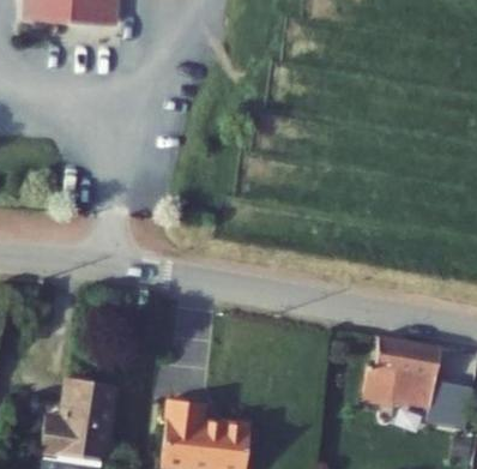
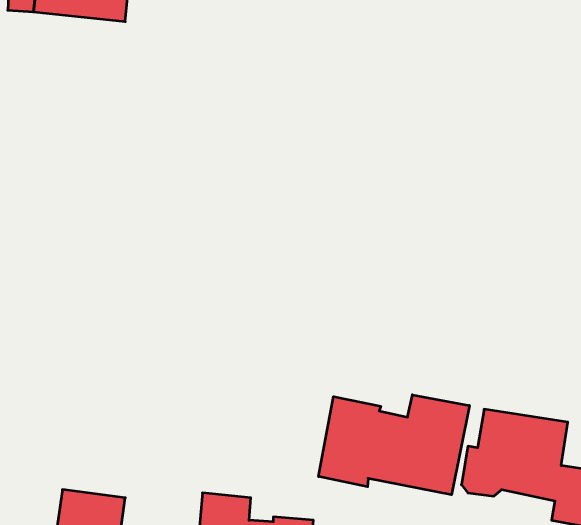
building: none -> [319,395,469,495]

